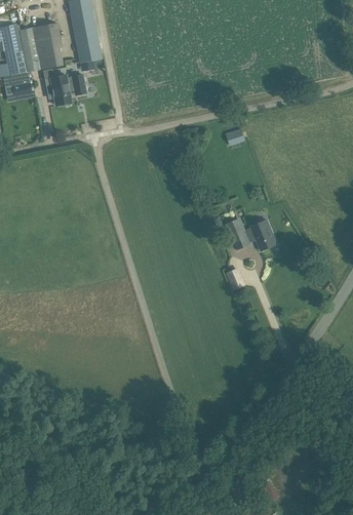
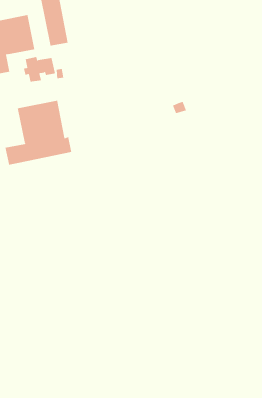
building: none -> [5,100,72,166]
building: [227,220,277,250] -> none

